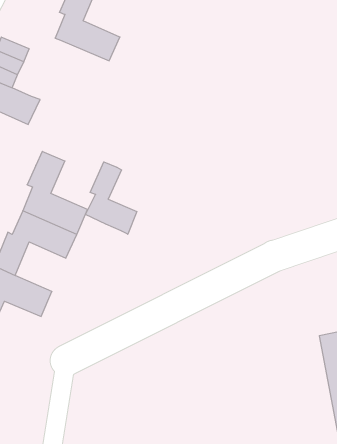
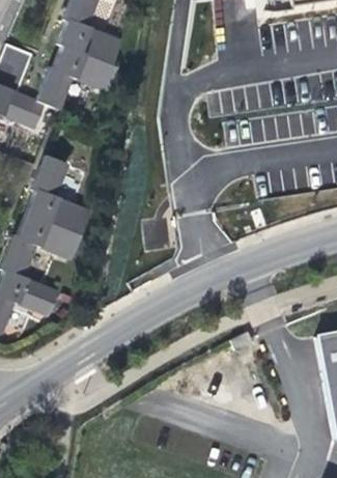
building: none -> [36,47,117,110]
building: [85,162,137,234] -> none

